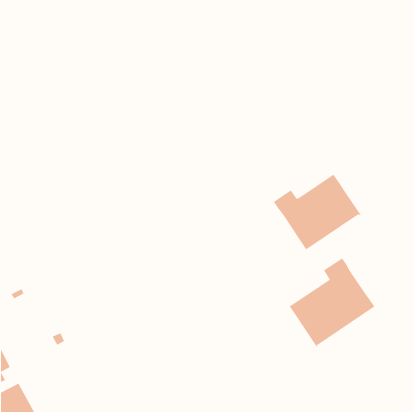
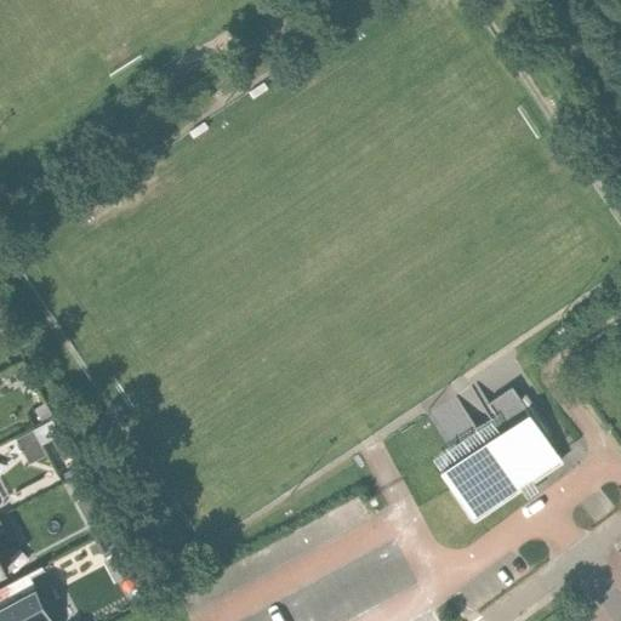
building: [273,174,361,252] -> none

